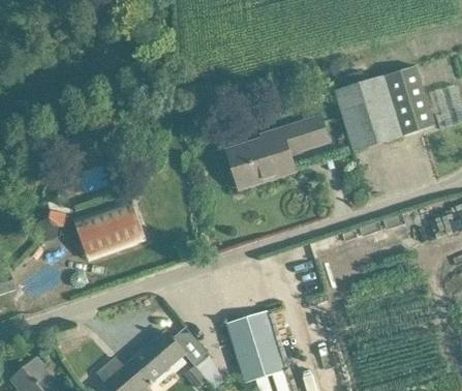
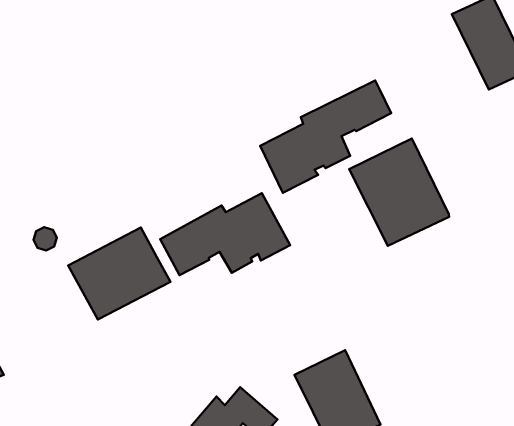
building: [334,76,402,152] -> [349,138,449,246]
building: none -> [160,193,290,275]

